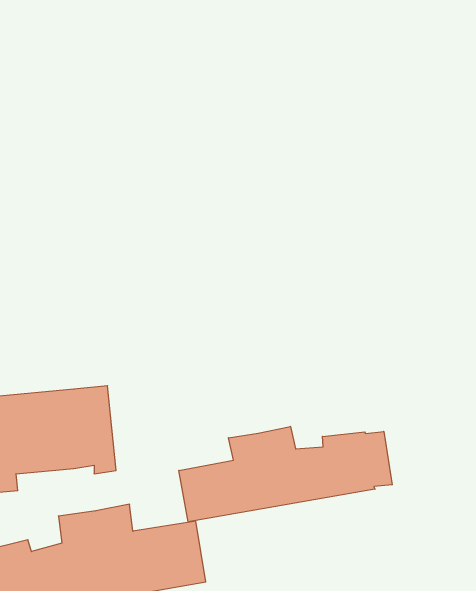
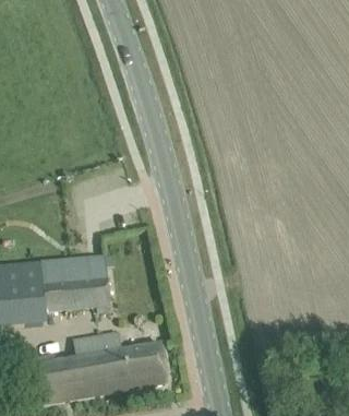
building: [179,426,392,522] -> none

